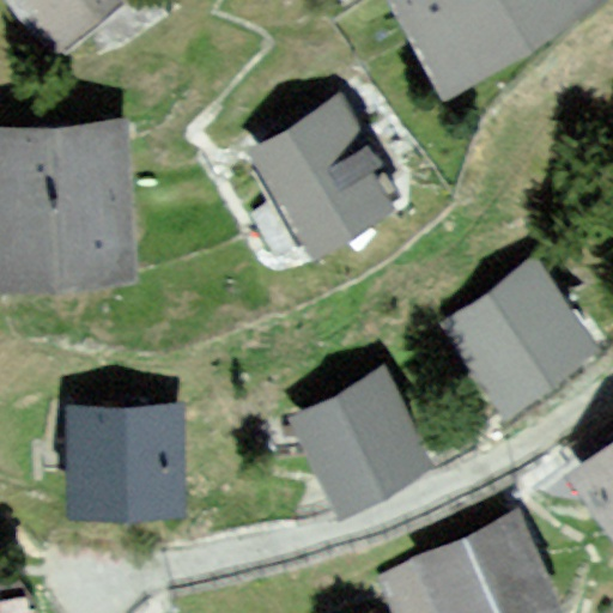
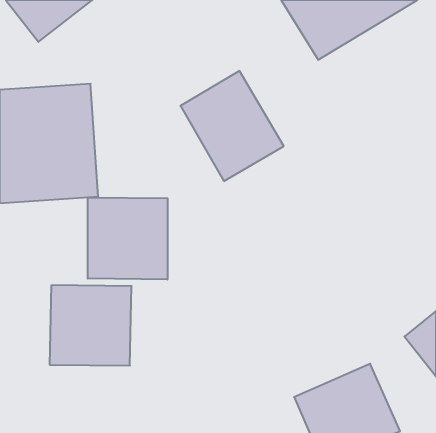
building: [445,260,597,411] -> none
building: none -> [88,197,168,280]
building: [290,374,425,509] -> none

